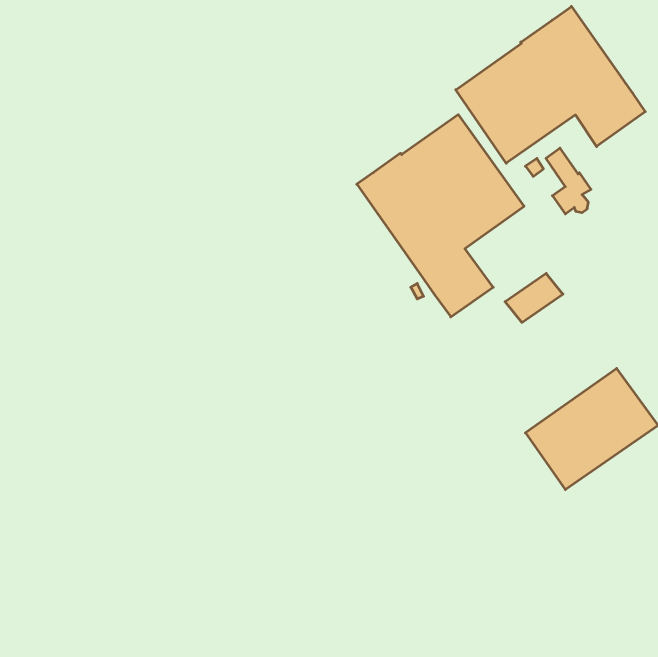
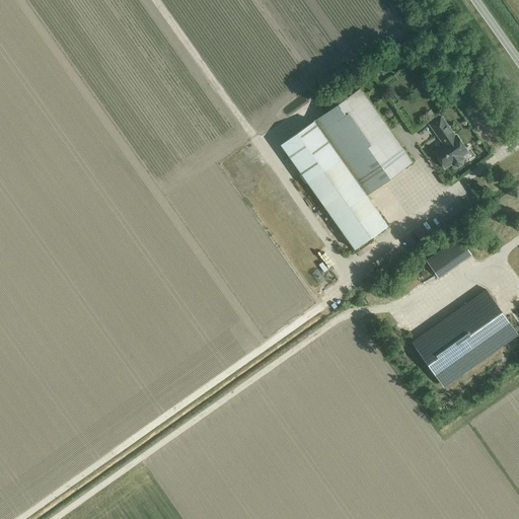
building: [456,6,645,163] -> none
building: [505,273,563,322] -> [427,239,472,278]

